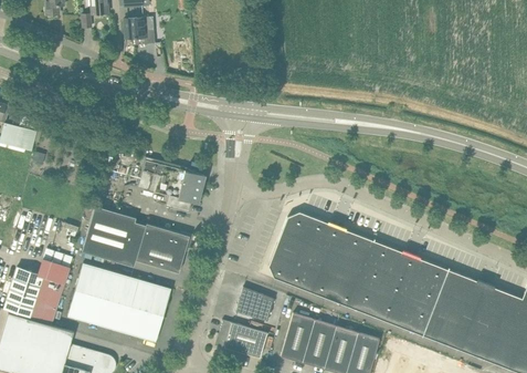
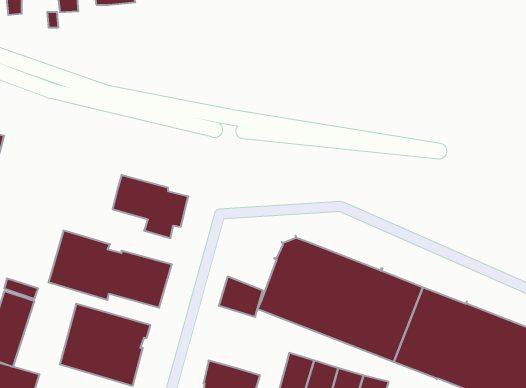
building: [124,18,155,45] -> none
building: [67,263,106,323] -> none
building: [235,287,274,322] -> [219,277,263,317]

